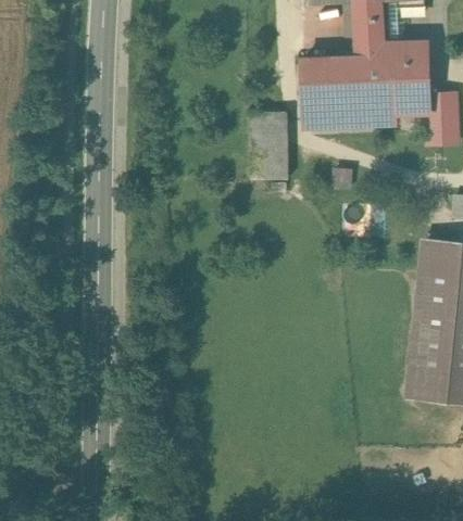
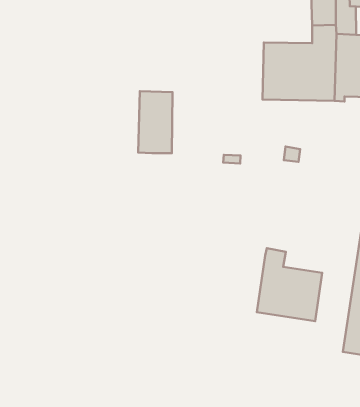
building: [249,112,288,180] -> [138,91,172,153]
building: none -> [257,248,322,321]

